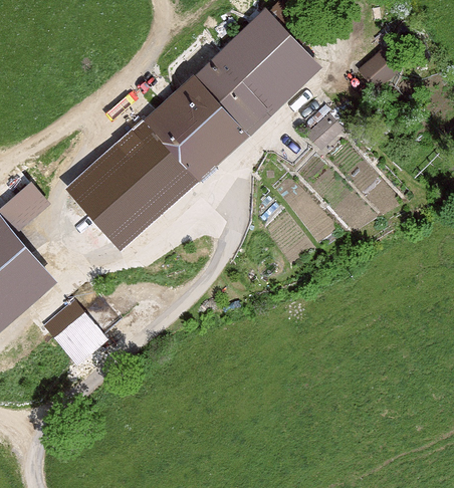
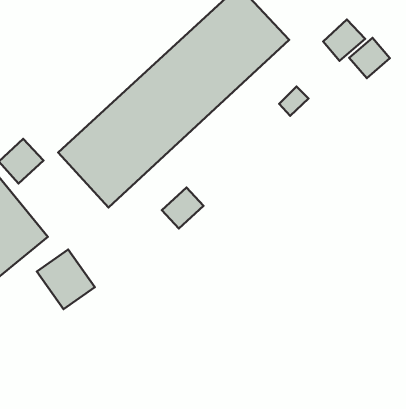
building: none -> [349,38,390,78]
building: none -> [162,188,204,228]

